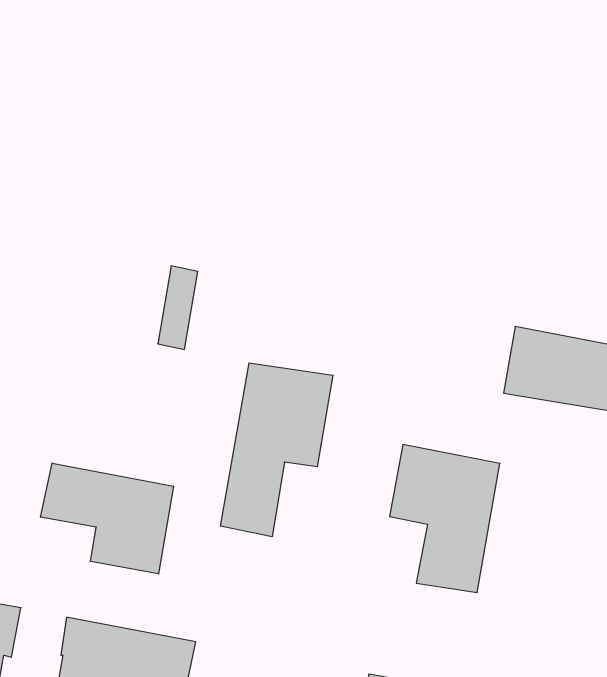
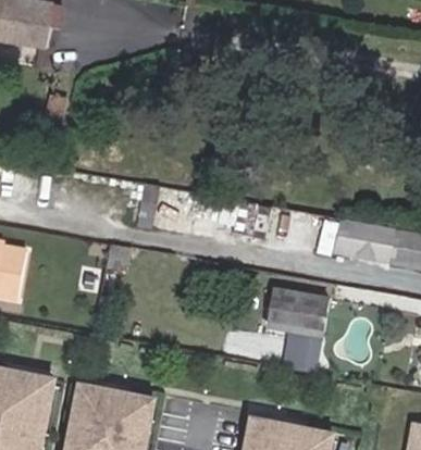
building: [220,363,333,537] -> none
building: [41,463,174,574] -> none

